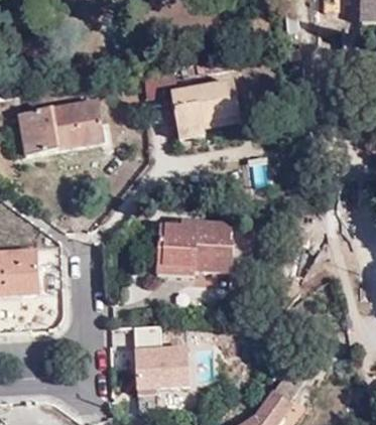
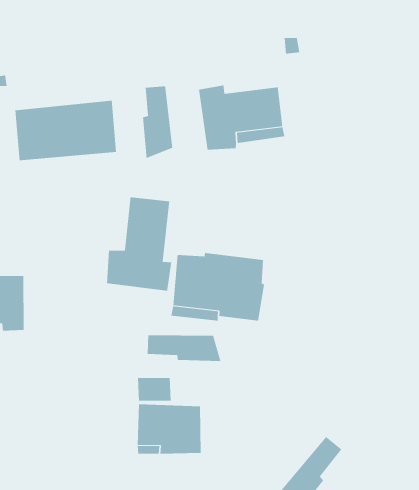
building: none -> [143,85,173,159]
building: none -> [107,197,172,291]
building: none -> [147,335,221,362]

